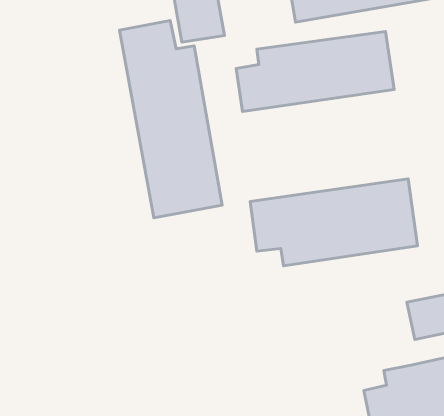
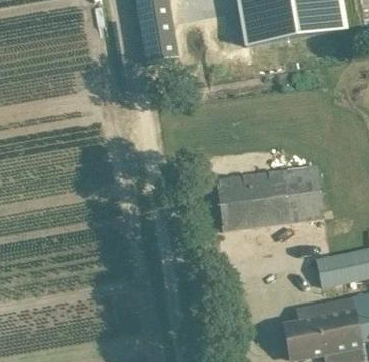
building: [120,20,222,218] -> none
building: [236,31,394,111] -> none

